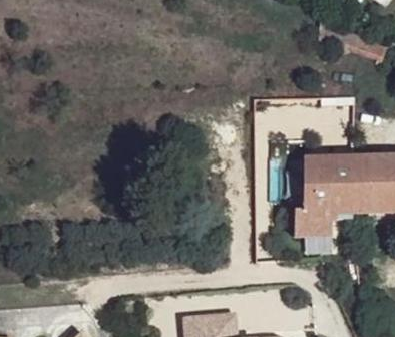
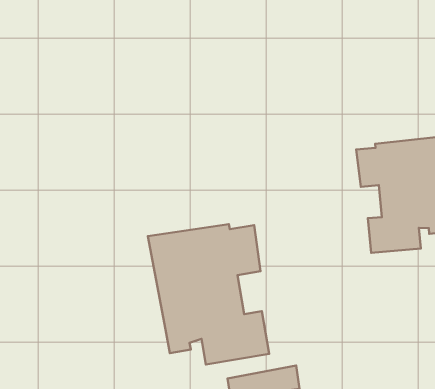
building: none -> [148,224,269,364]

